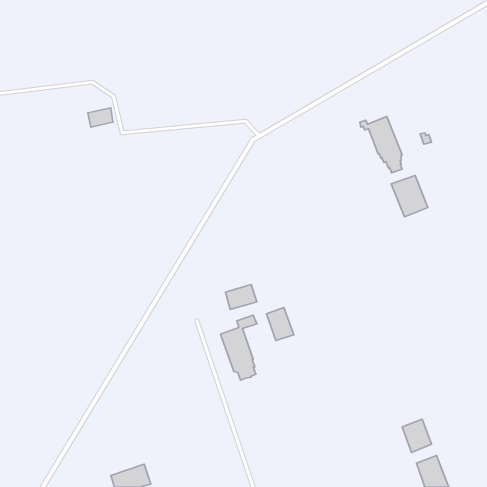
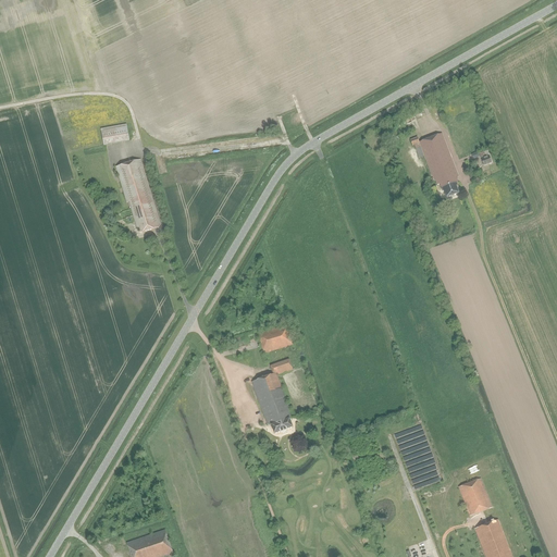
building: none -> [115,159,160,233]
building: [391,176,428,217] -> none
building: [266,308,294,340] -> none

